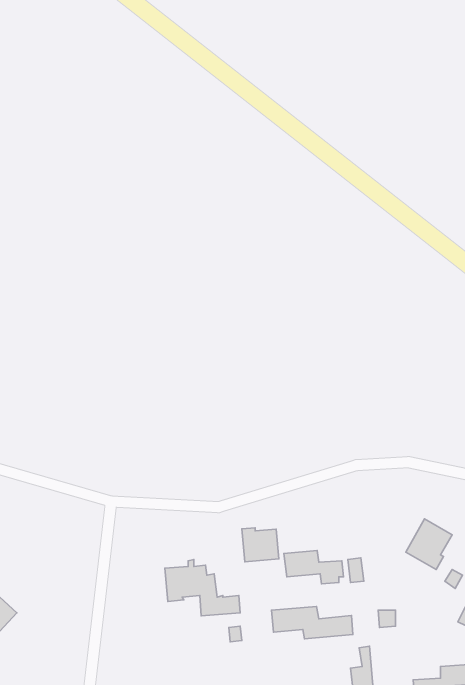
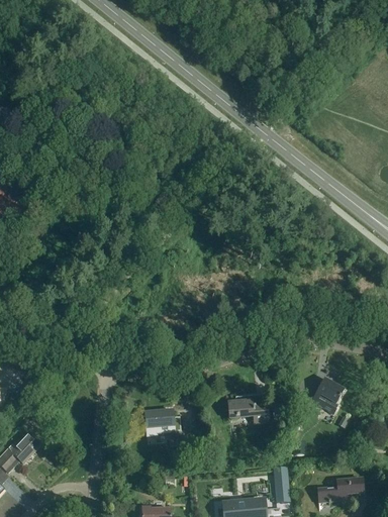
building: [242,528,279,562] -> none
building: [272,606,353,639] -> none

